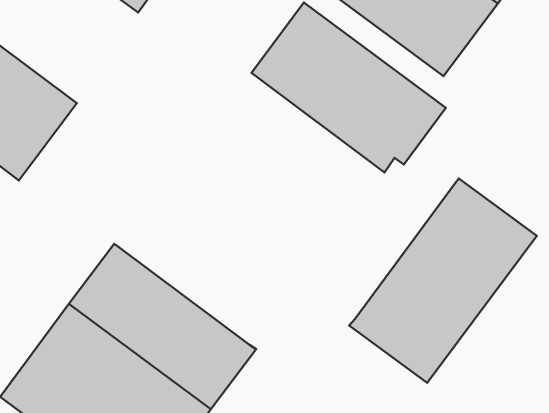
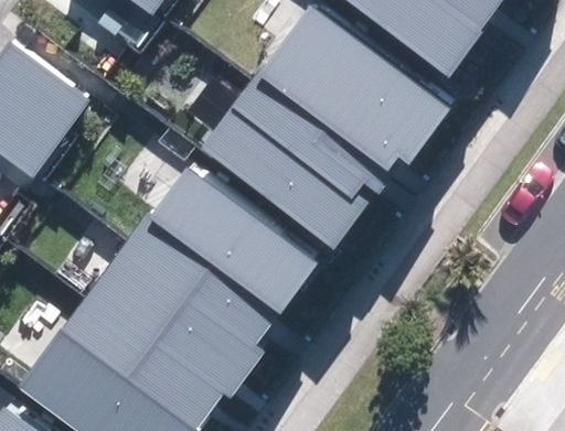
building: none -> [200,78,386,248]
building: none -> [132,166,317,338]
building: [349,179,537,383] -> none

